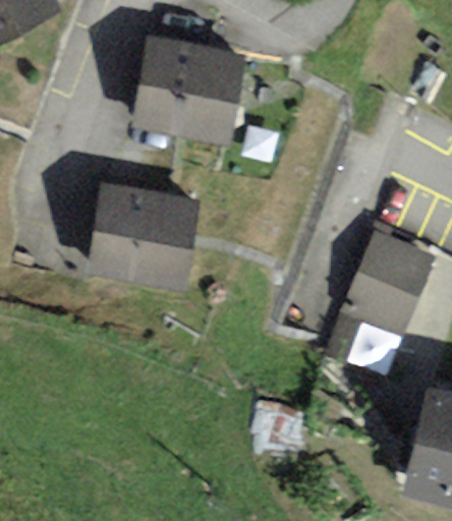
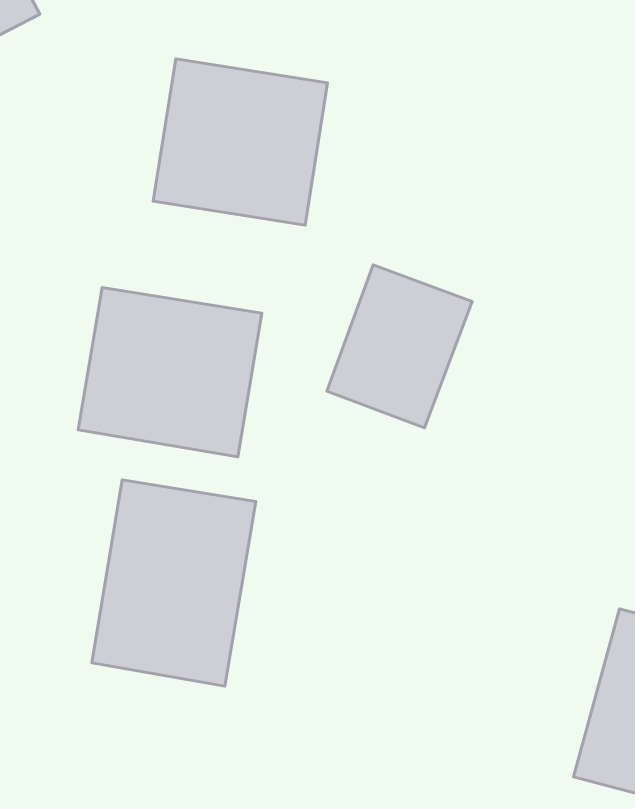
building: [341,227,434,331] -> [327,265,472,428]
building: none -> [92,480,256,686]

